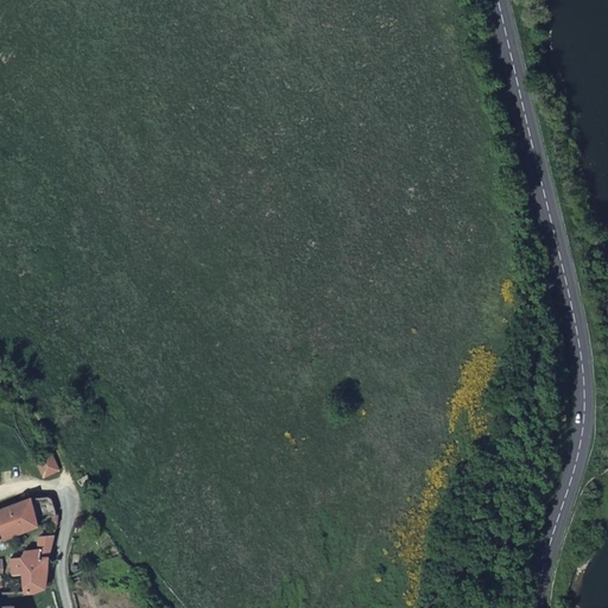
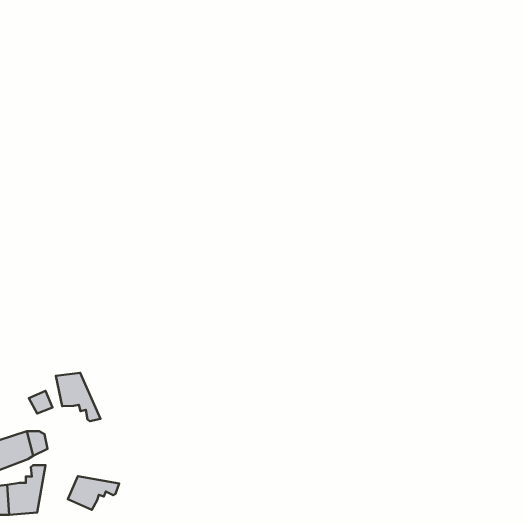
building: none -> [56,373,100,421]
building: none -> [68,476,119,510]

